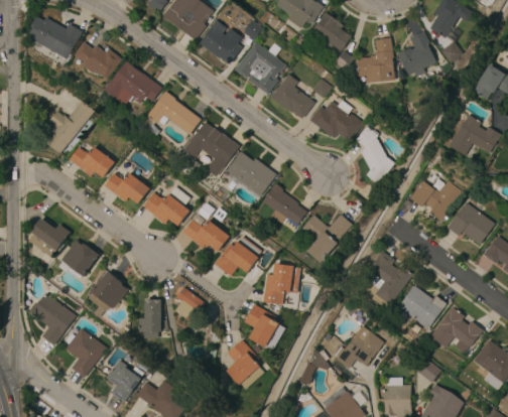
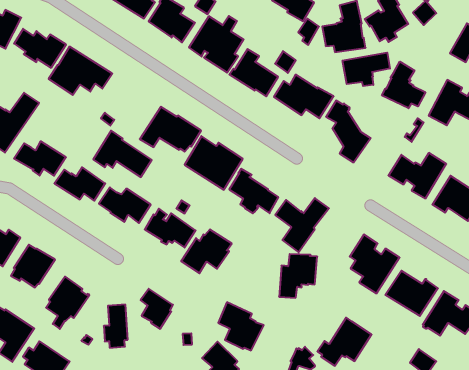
building: none -> [343,53,390,86]
building: [147,91,201,135] -> [93,131,152,177]
building: none -> [382,62,425,108]
building: [262,264,299,304] -> [279,254,317,298]

